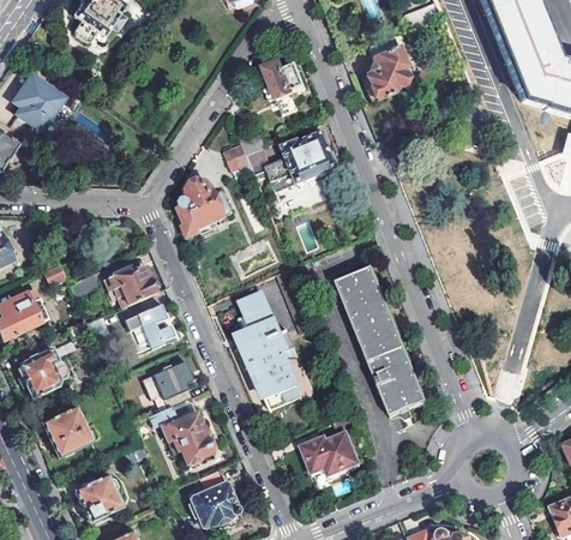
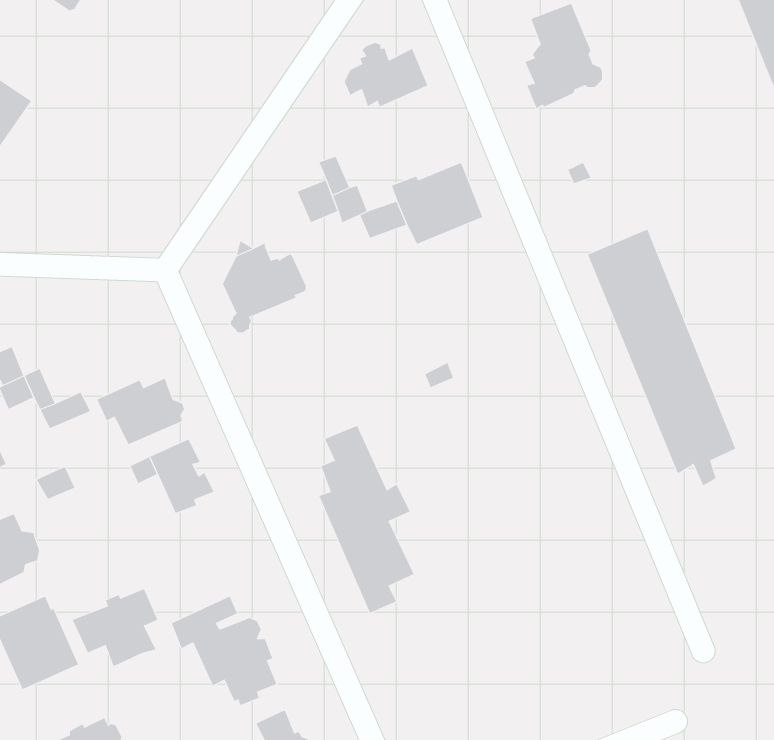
building: [336,266,427,424] -> [587,229,736,486]
building: [142,359,194,407] -> [72,589,158,667]
building: [302,433,361,478] -> none

